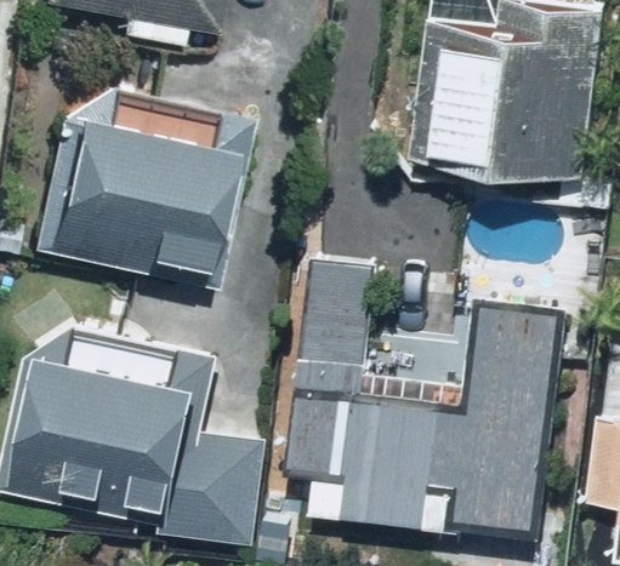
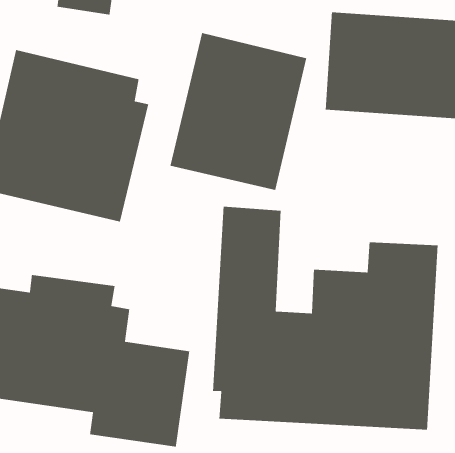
building: none -> [170,32,307,191]

